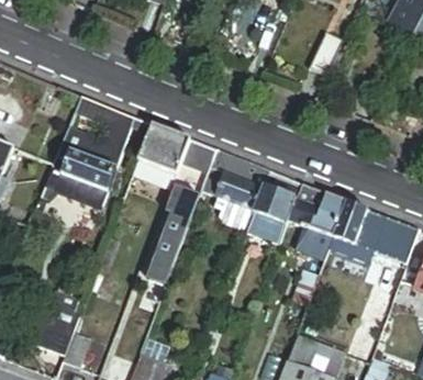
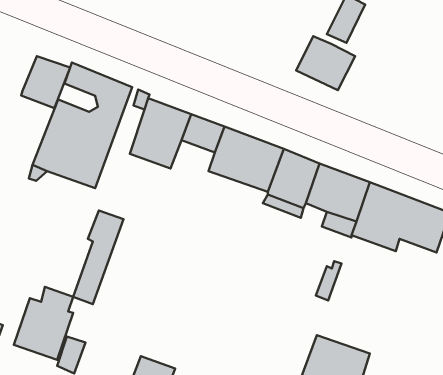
building: none -> [296,36,355,90]
building: none -> [21,56,70,108]
building: [153,189,198,272] -> [73,211,124,304]

